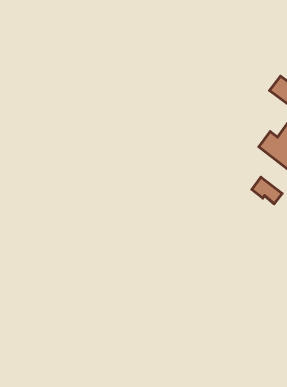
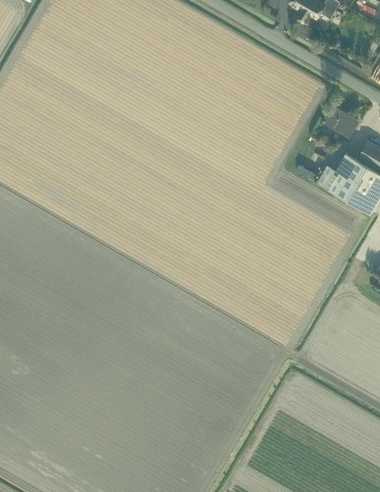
building: [252,177,282,204] -> none

